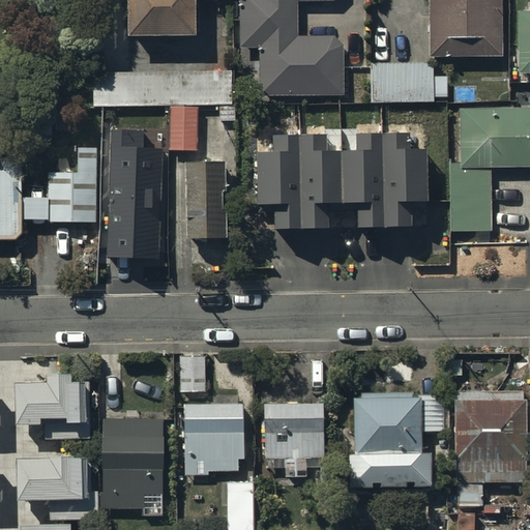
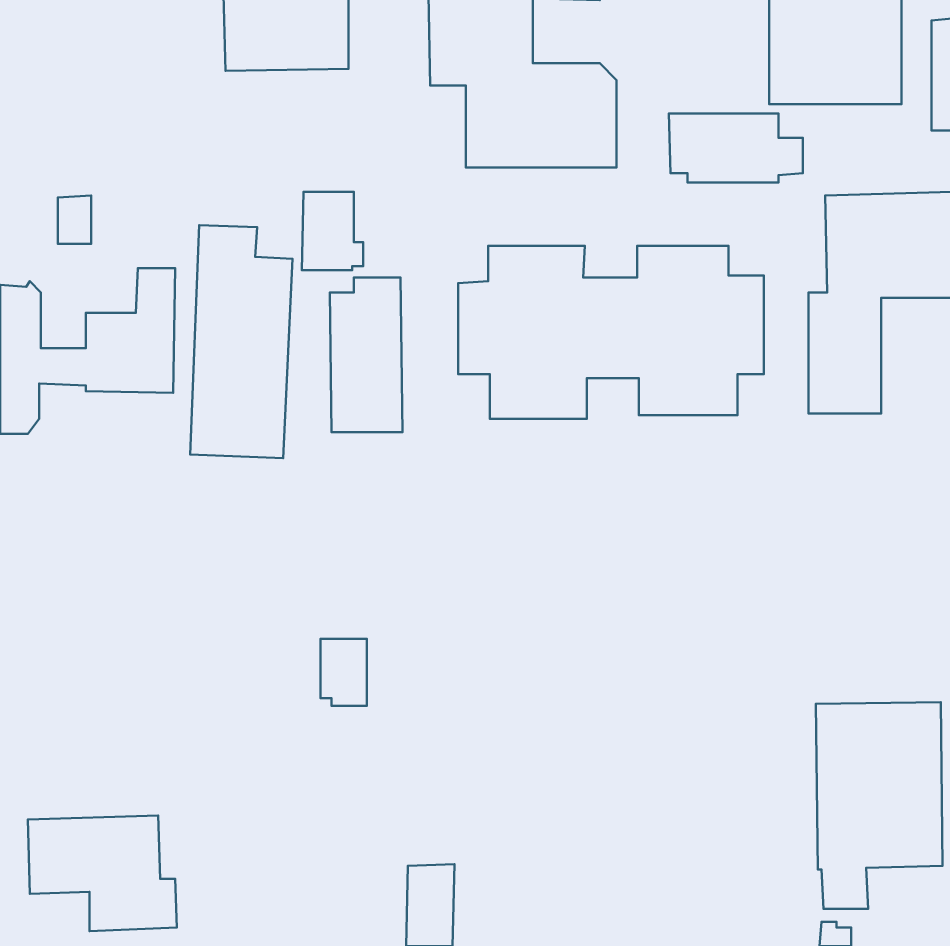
building: [17,371,92,437] -> none
building: [348,391,445,488] -> none
building: [184,403,244,474] -> none
building: [264,404,325,475] -> none
building: [102,420,161,513] -> none

